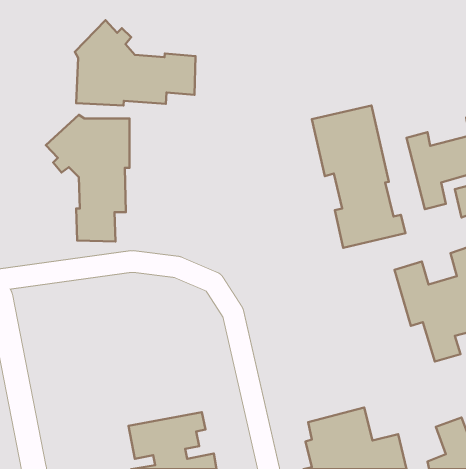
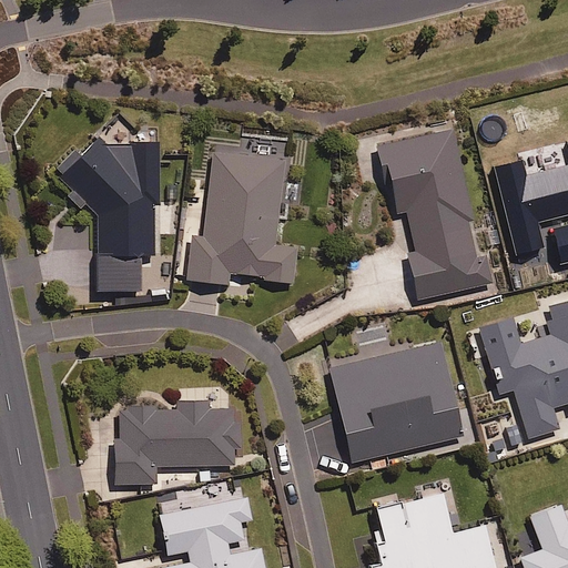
building: [75,20,195,105] -> none
building: none -> [189,151,297,283]
building: none -> [331,342,463,462]
building: none -> [114,400,241,484]

